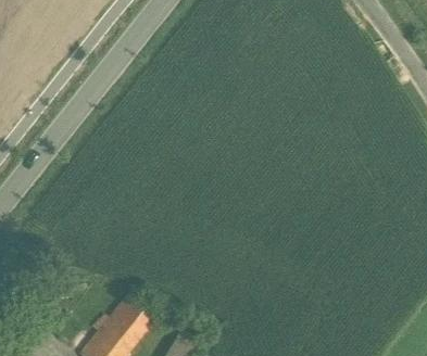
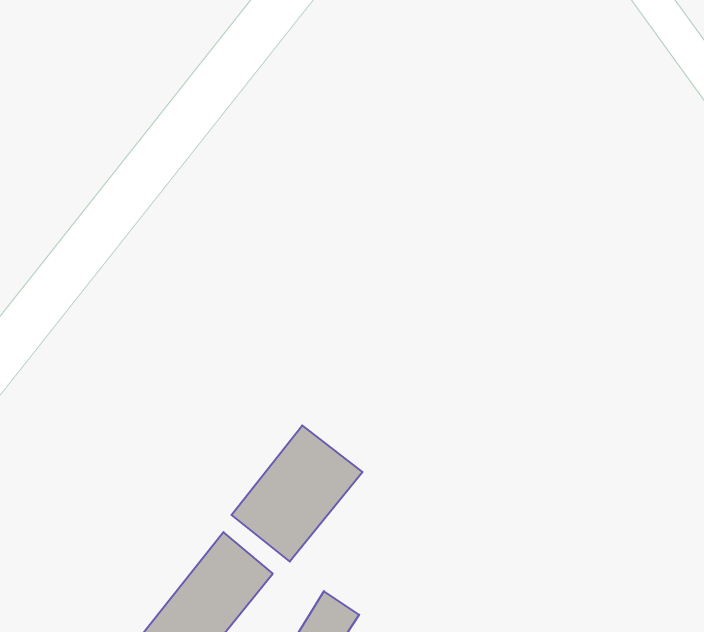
building: none -> [231,425,363,562]

